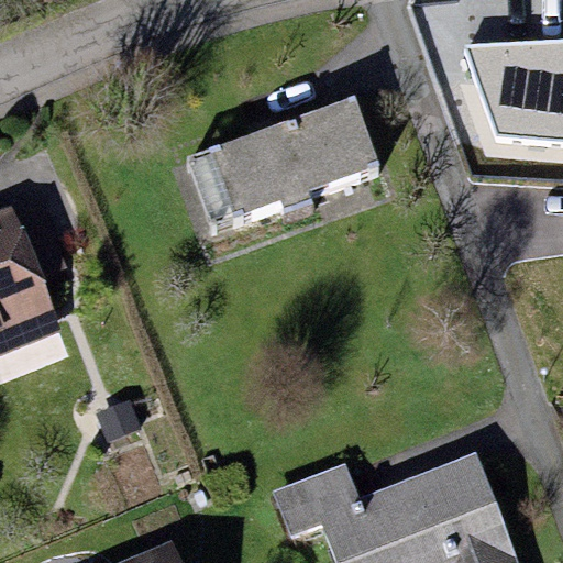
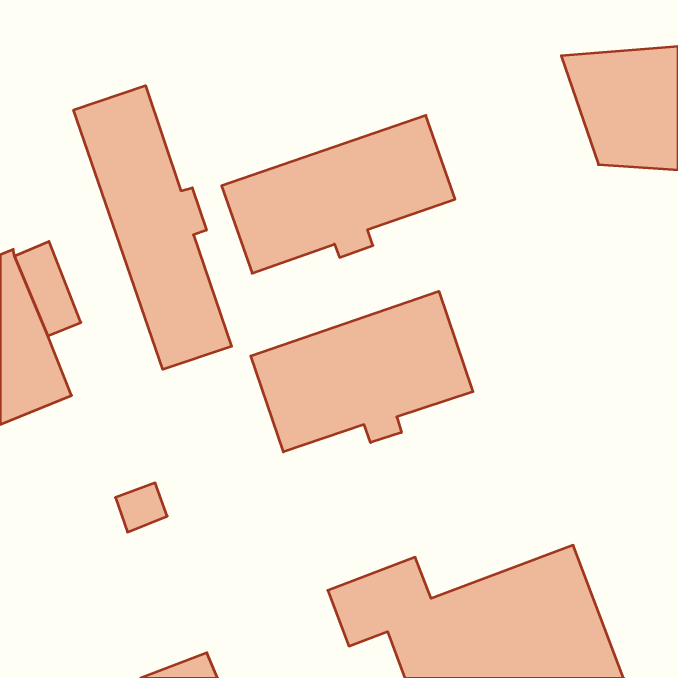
building: none -> [74,86,232,369]
building: none -> [251,291,473,452]

